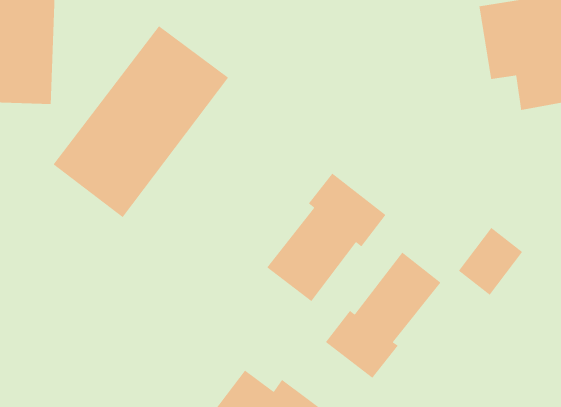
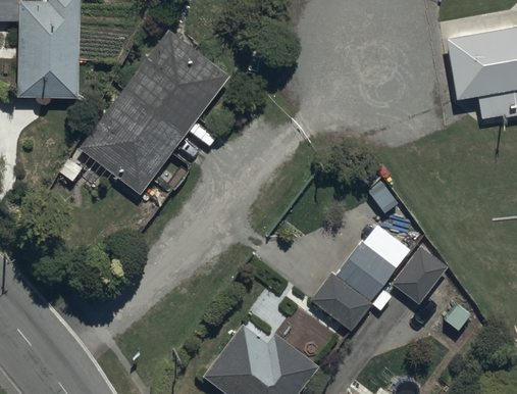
building: [266,172,387,302] -> none
building: [458,227,523,296] -> [392,245,448,304]

